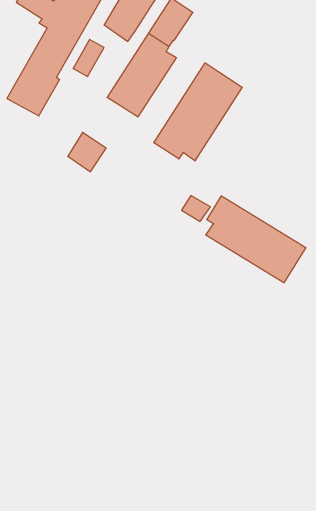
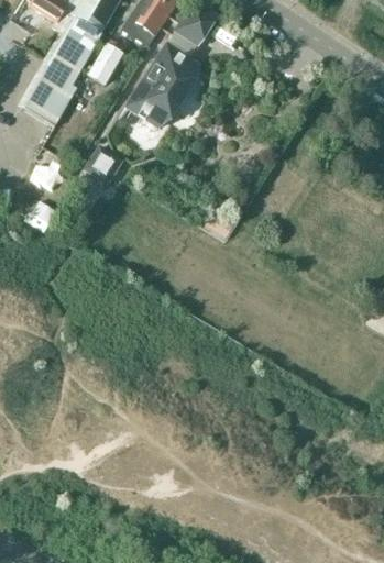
building: [154,63,242,161] -> none
building: [206,196,306,283] -> none

